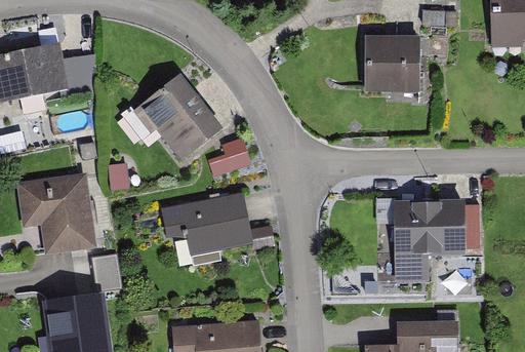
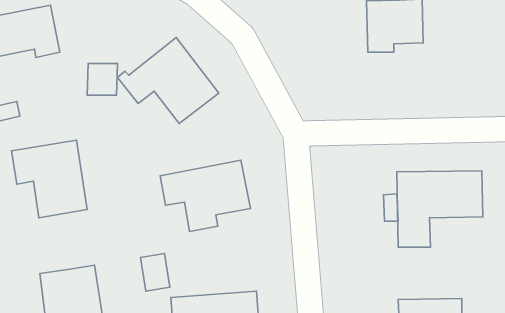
building: [69,58,98,89] -> [87,64,118,95]
building: [211,140,252,177] -> none
building: [94,256,123,292] -> [140,253,170,291]

